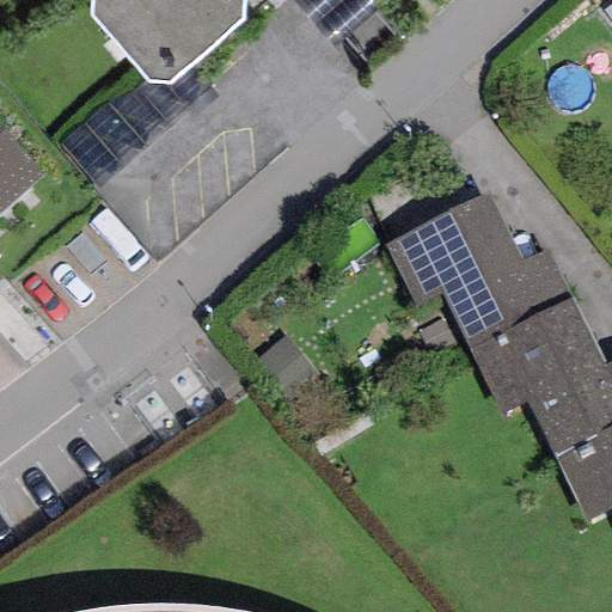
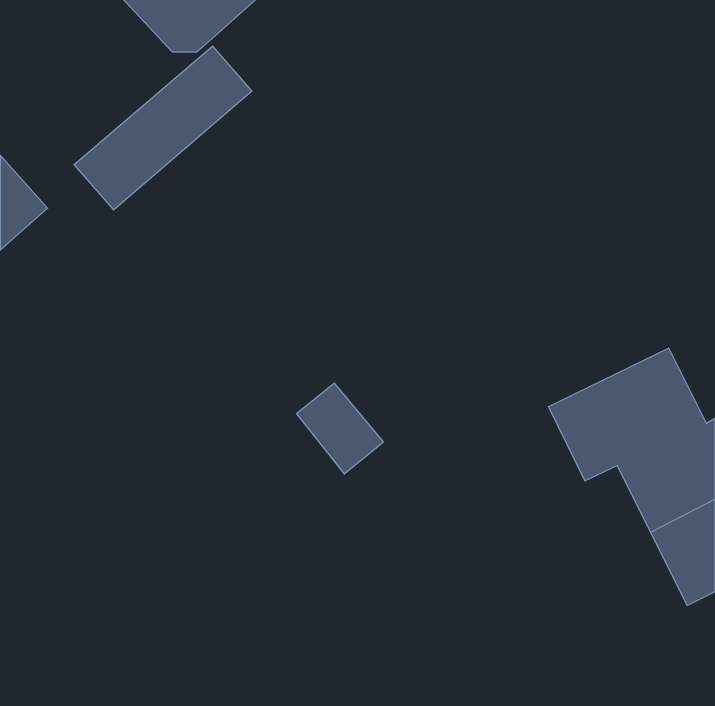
building: [380,190,571,348] -> none

